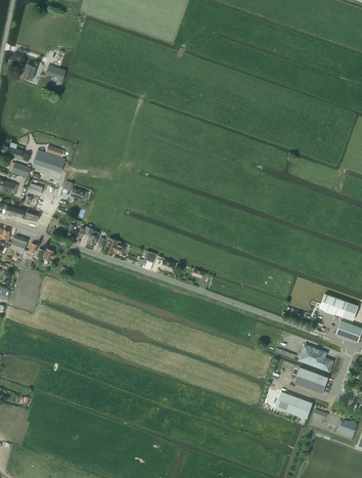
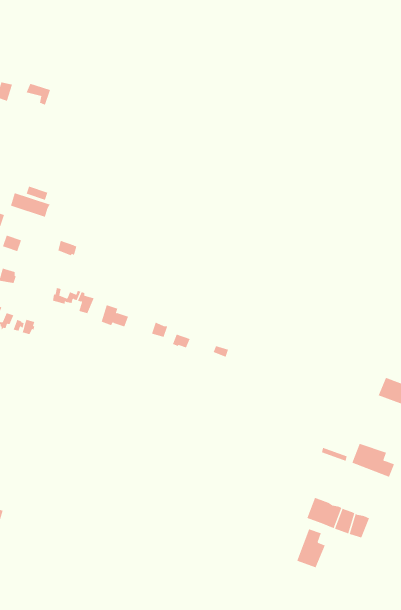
building: [293,367,328,394] -> none
building: none -> [297,528,326,568]

